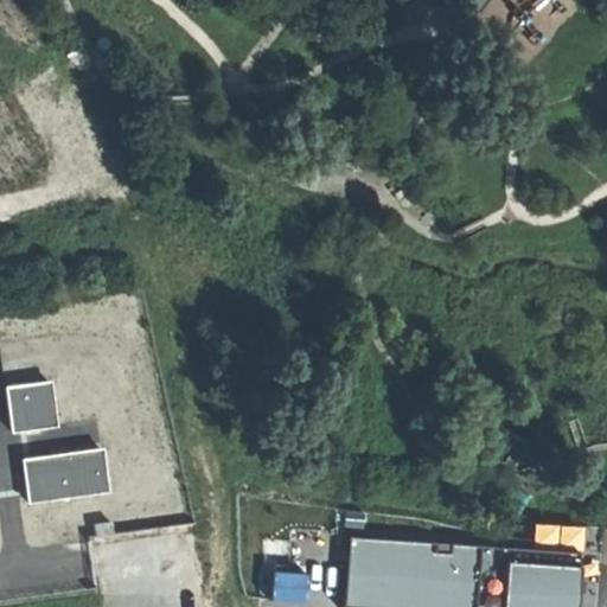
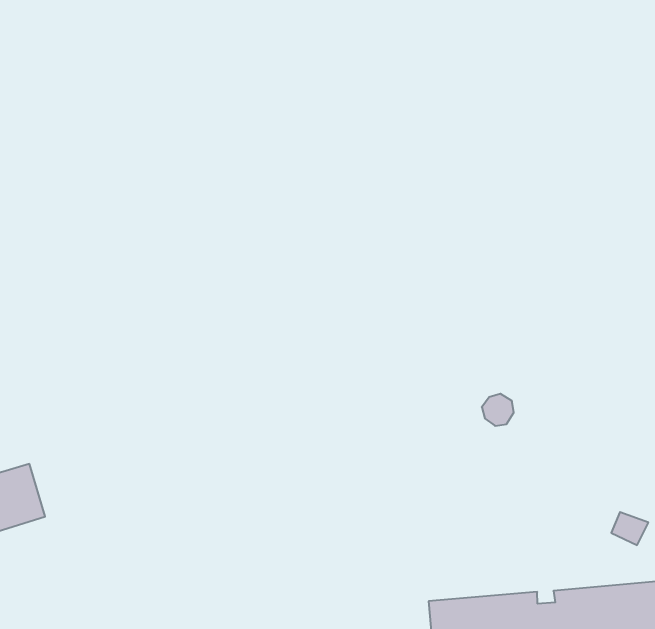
building: [25,451,107,500] -> none

